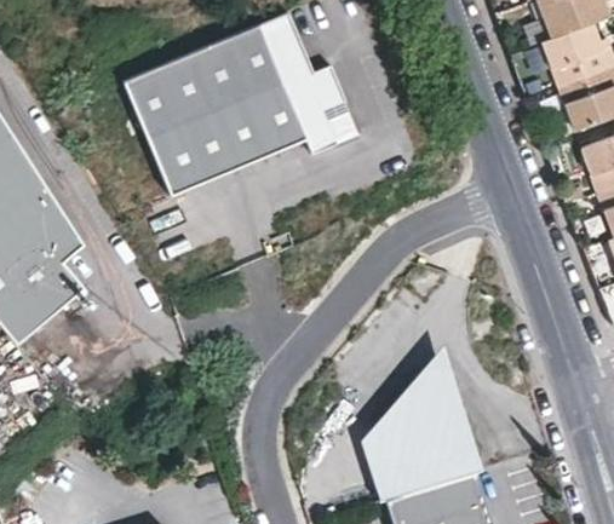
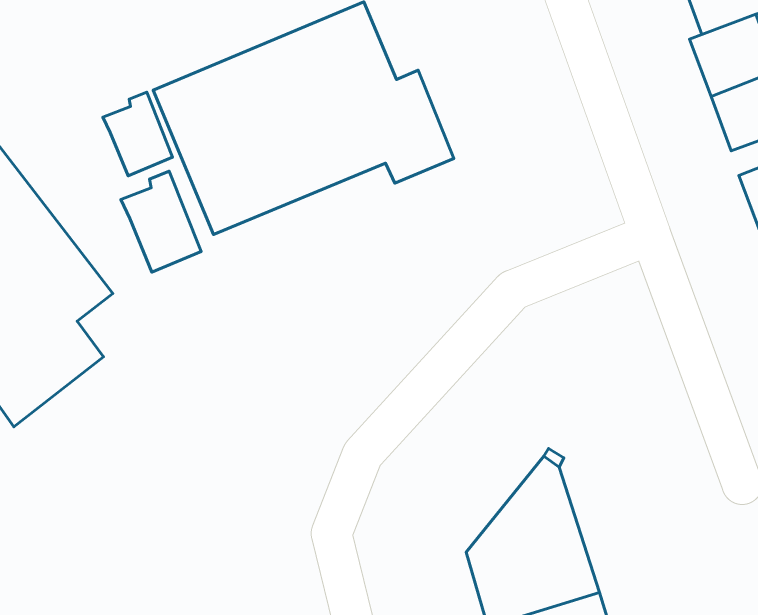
building: none -> [103,92,173,176]
building: none -> [121,171,201,272]

